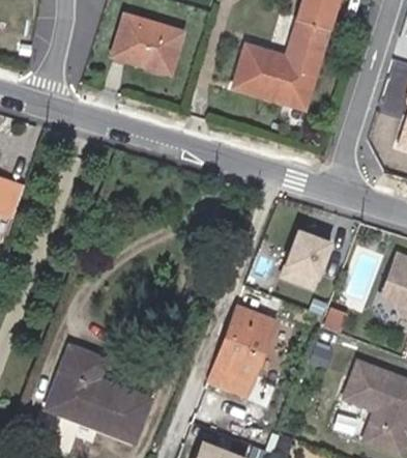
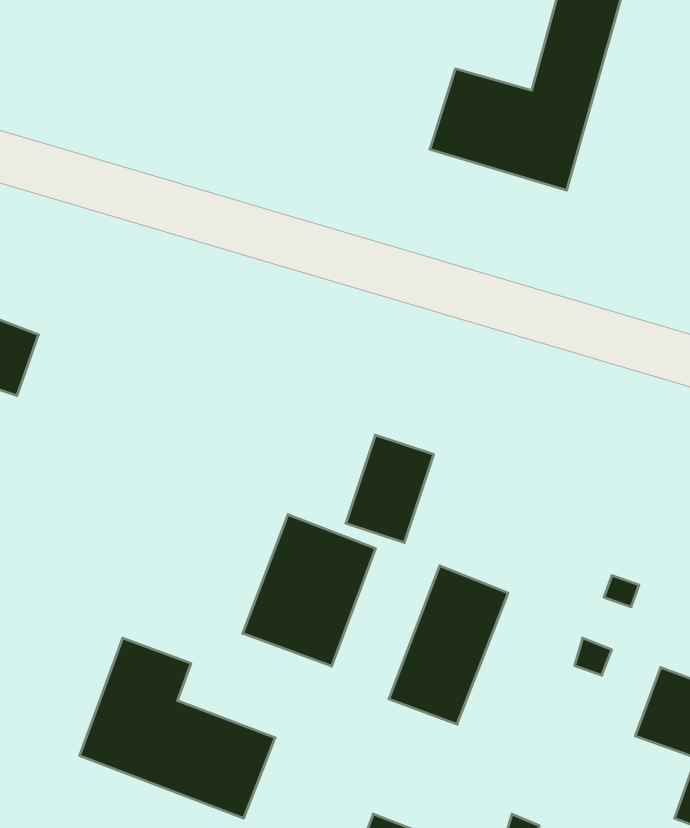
building: [114,17,184,74] -> none
building: [278,228,324,285] -> [346,435,434,543]
building: none -> [243,514,375,666]

